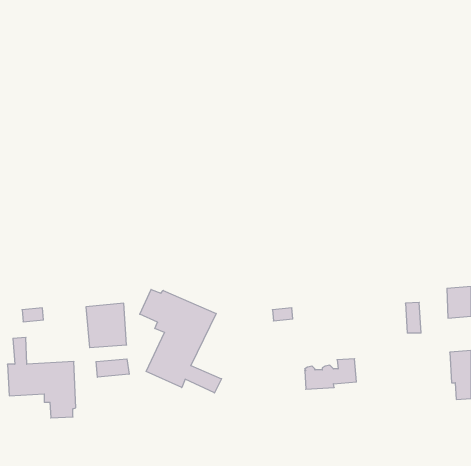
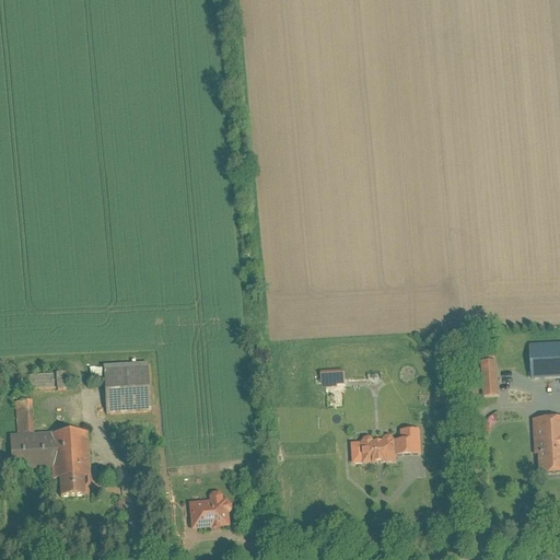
building: [140,289,222,393] -> none
building: [96,359,129,377] -> none
building: none -> [190,489,233,528]

